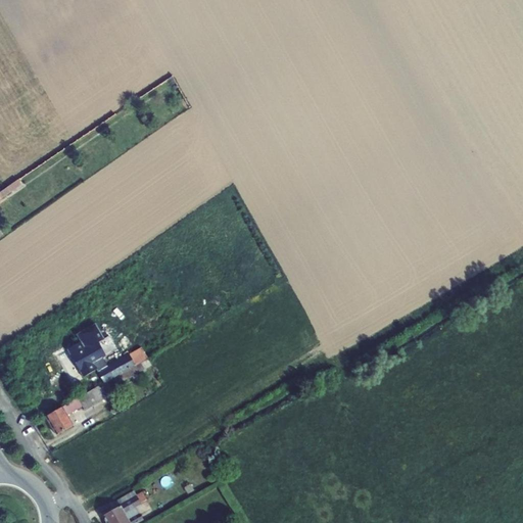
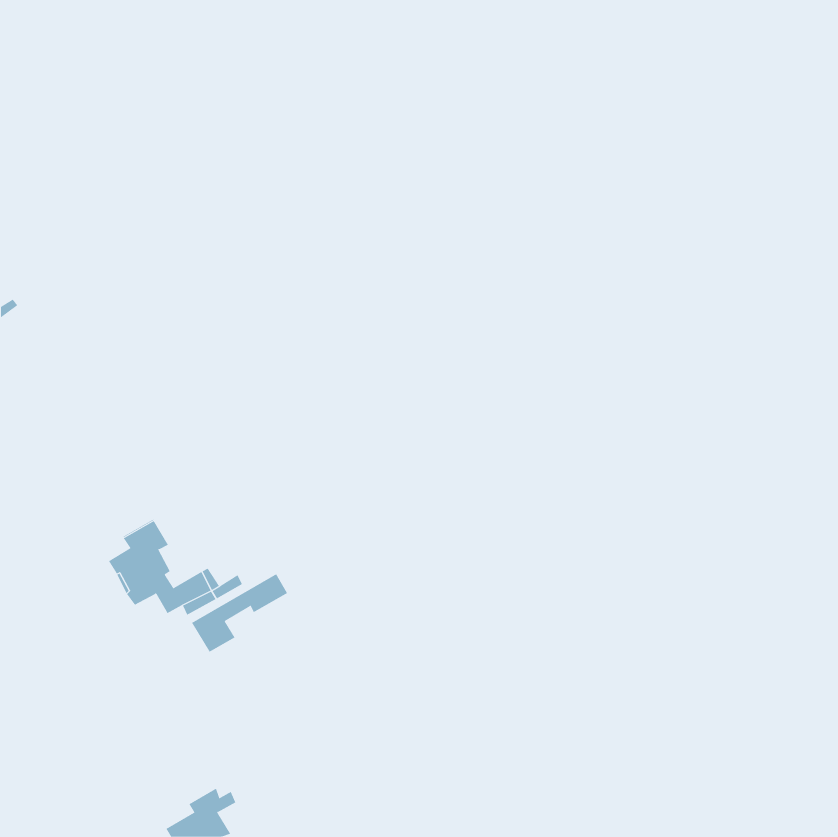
building: [46,385,106,434] -> [191,574,288,652]

